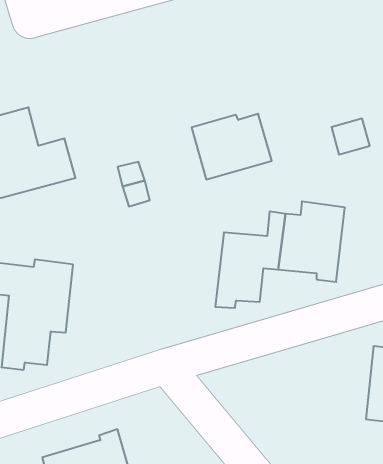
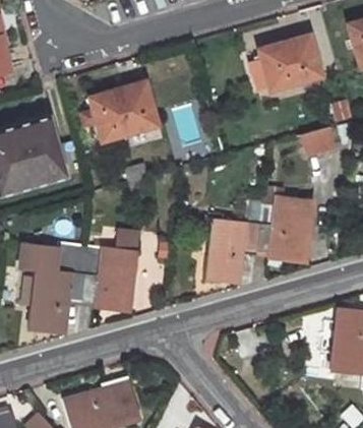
building: none -> [259,40,320,88]
building: [192,114,272,179] -> [90,86,157,140]
building: none -> [82,245,135,311]

